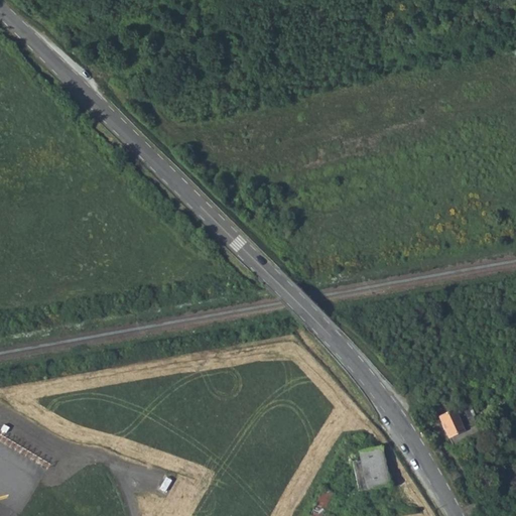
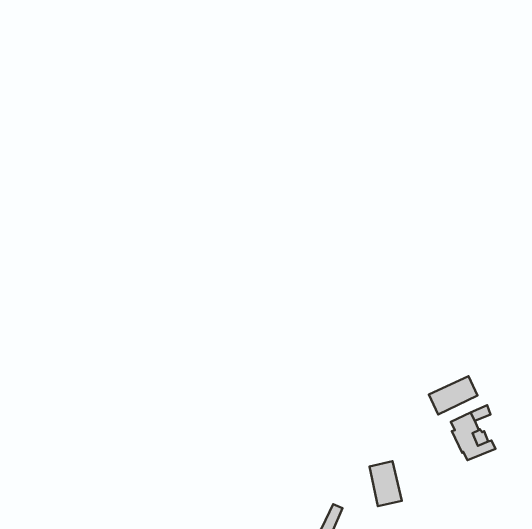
building: none -> [429,376,477,414]

